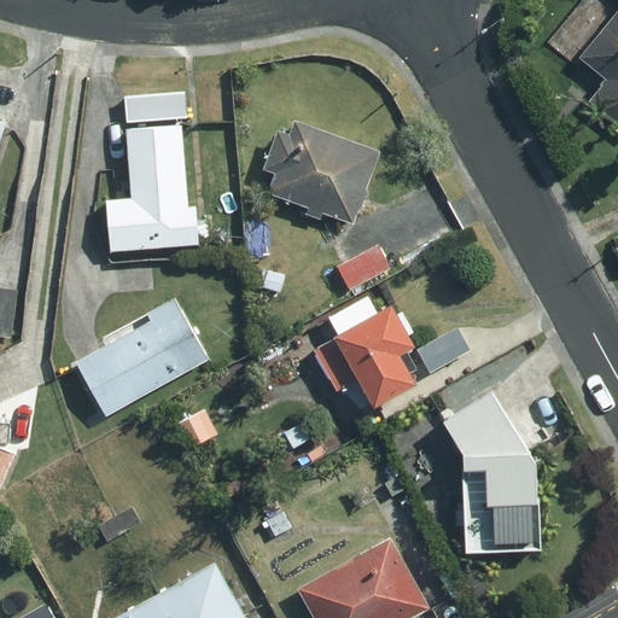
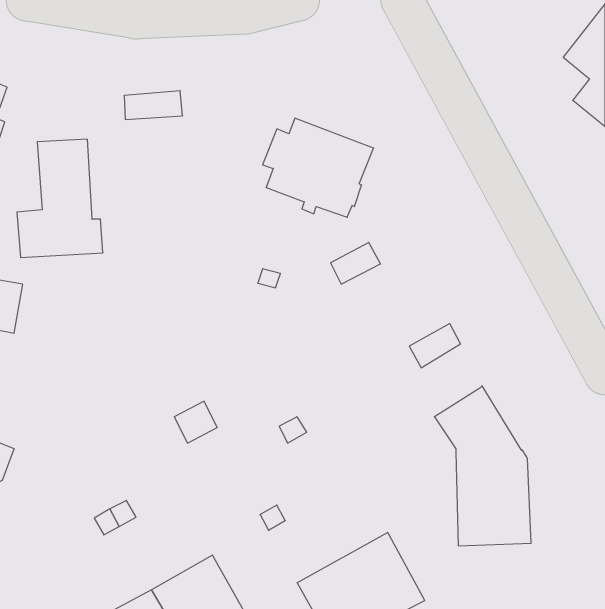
building: [107,128,194,247] -> [17,139,103,258]
building: [77,303,204,415] -> none
building: [314,305,414,404] -> none

